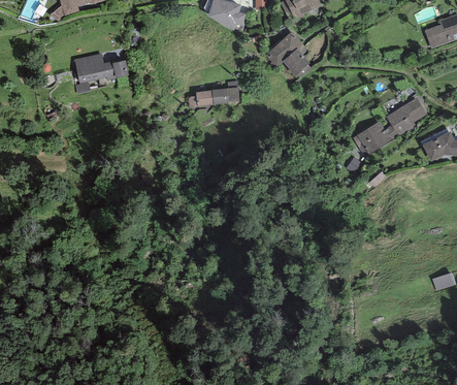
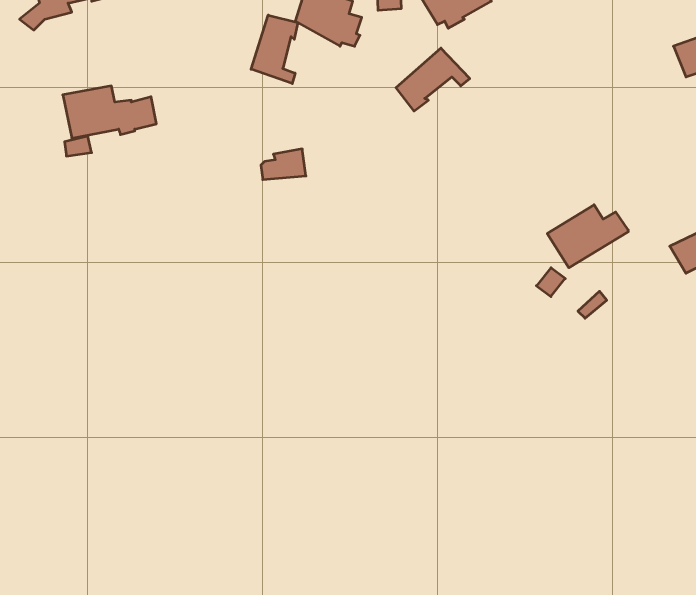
building: none -> [251,15,298,84]
building: [282,47,312,76] -> none
building: [211,87,239,104] -> none
building: [386,97,427,135] -> none

